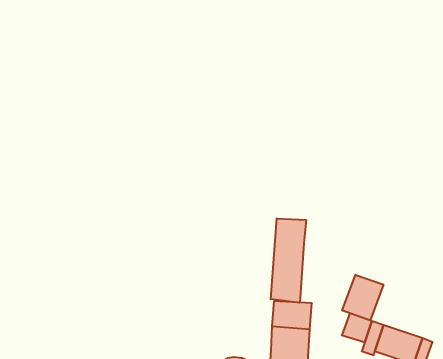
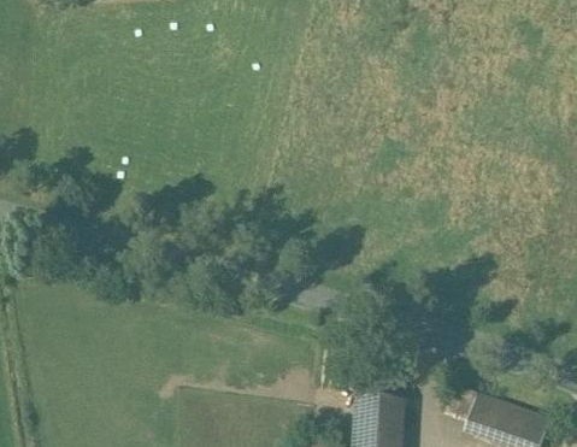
building: [271,218,306,303] -> none
building: [342,275,383,321] -> none

